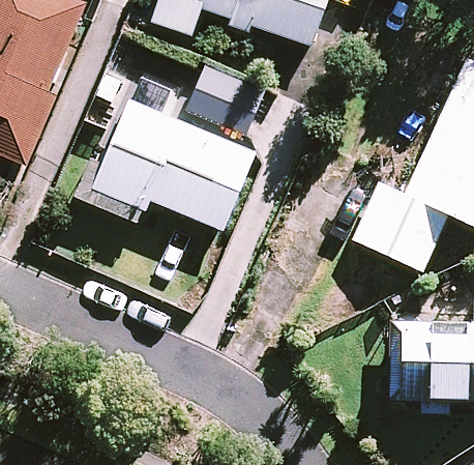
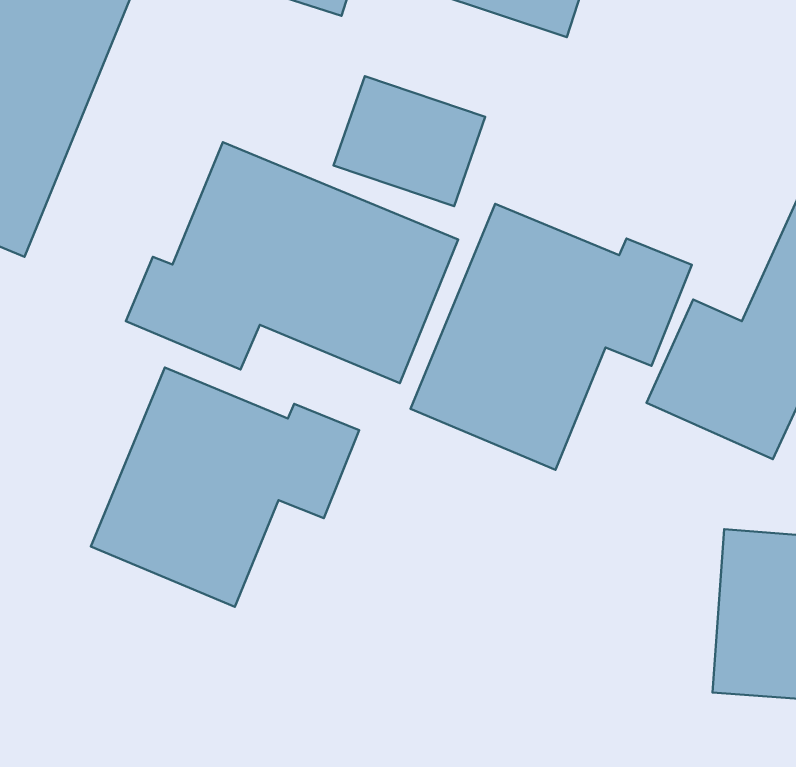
building: none -> [411,204,692,470]
building: none -> [91,368,359,607]

